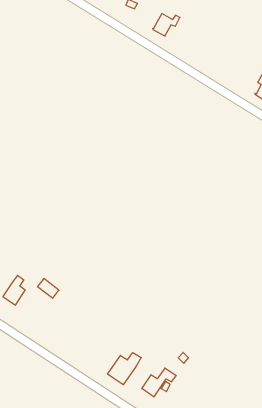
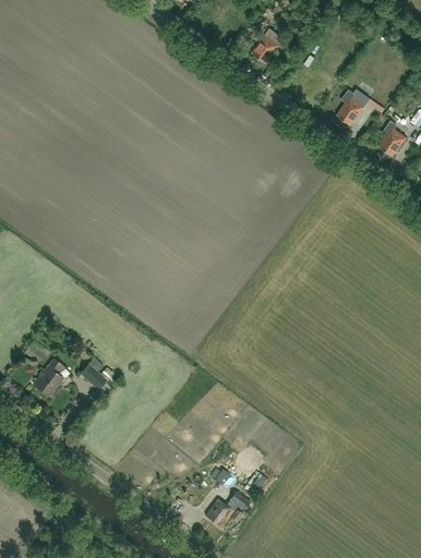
building: none -> [336,89,364,125]
building: [108,353,141,385] -> none

